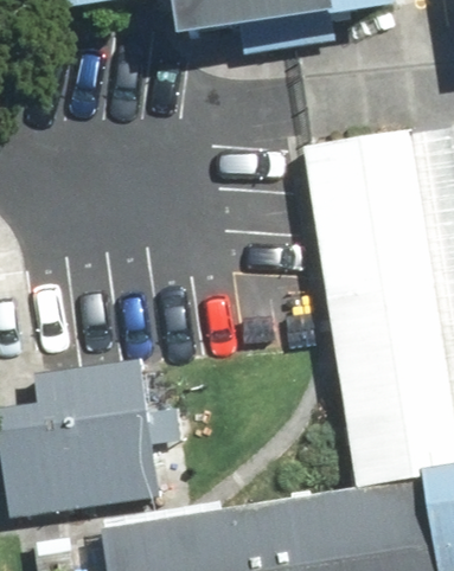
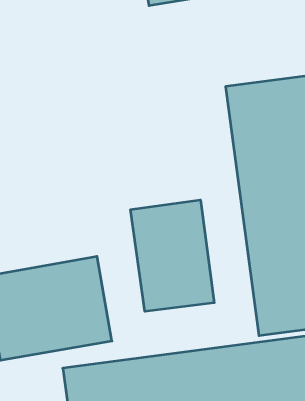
building: none -> [131,200,214,311]

